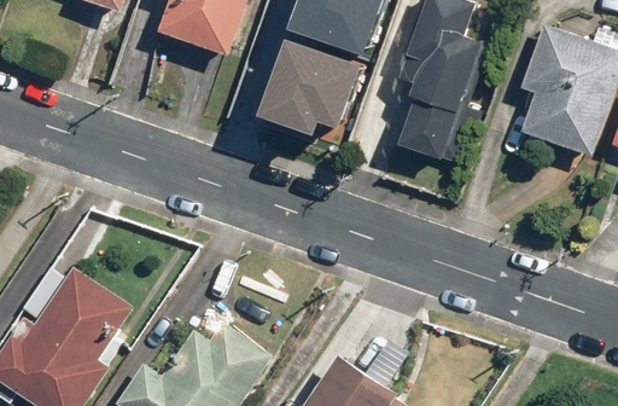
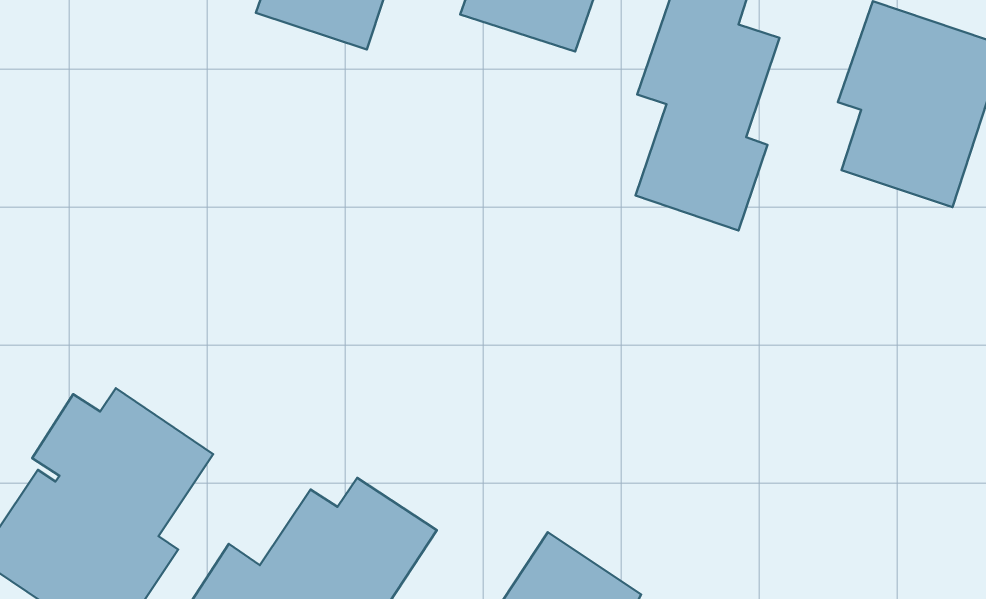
building: [255,42,354,137] -> none

